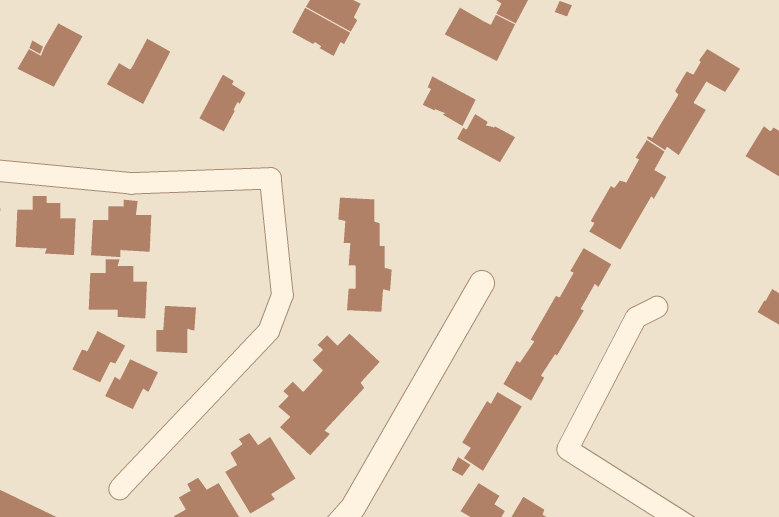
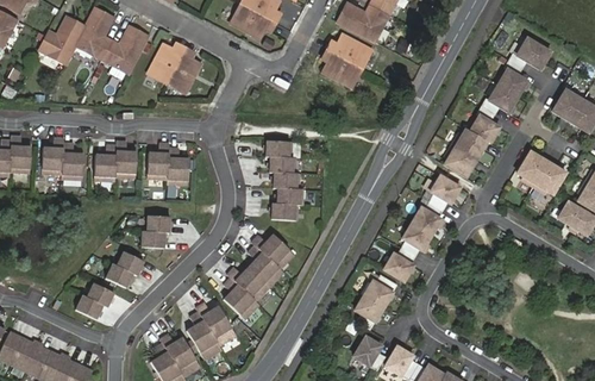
building: none -> [80,10,119,61]
building: none -> [152,46,187,85]
building: [456,113,516,163] -> [332,37,374,71]
building: none -> [513,151,562,194]
building: [88,259,148,319] -> [149,143,190,185]
building: [71,330,126,383] -> [75,282,113,319]

